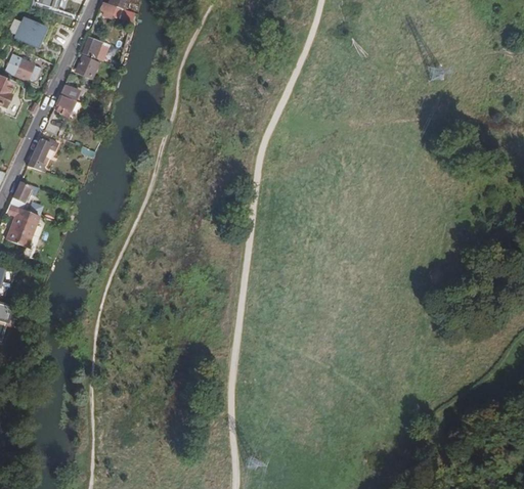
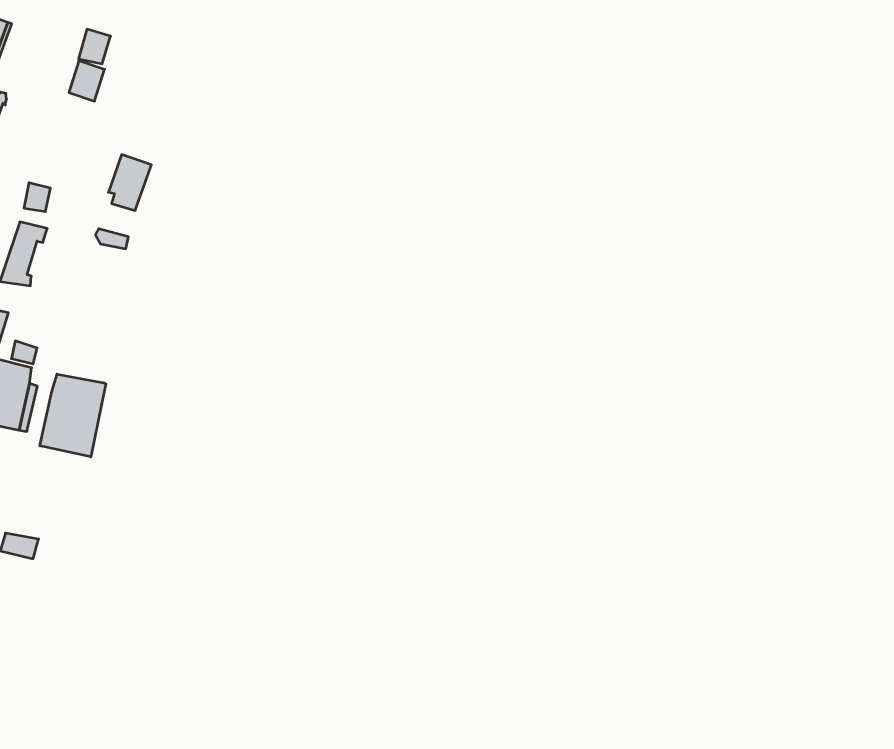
building: [55,84,80,115] -> [108,155,151,210]
building: none -> [40,374,106,457]

